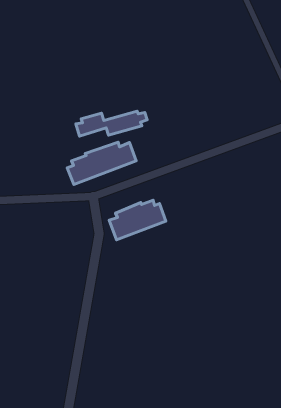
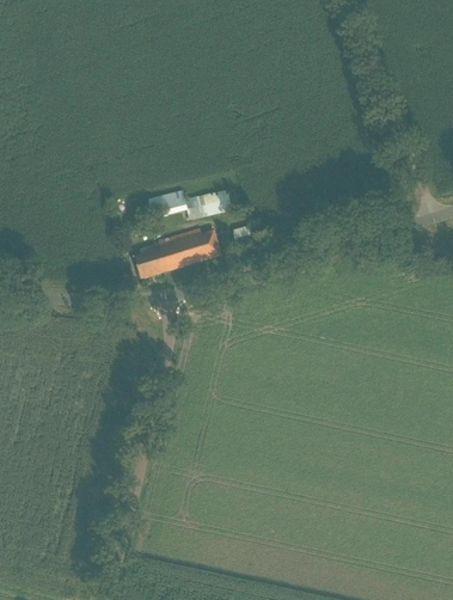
building: [109,200,166,240] -> none

